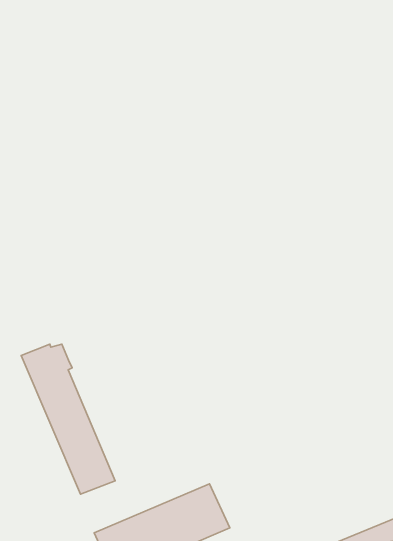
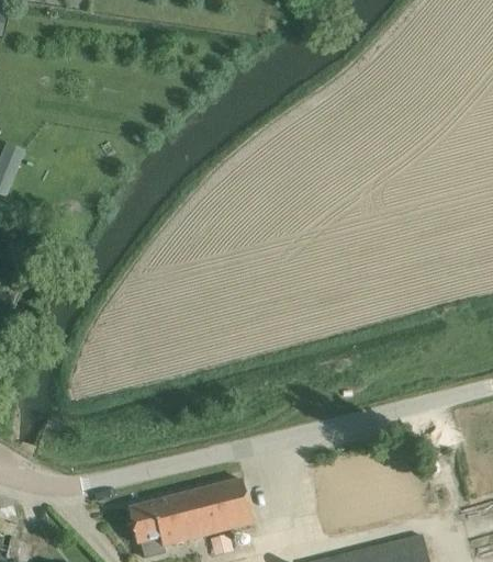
building: [21,344,115,494] -> none

